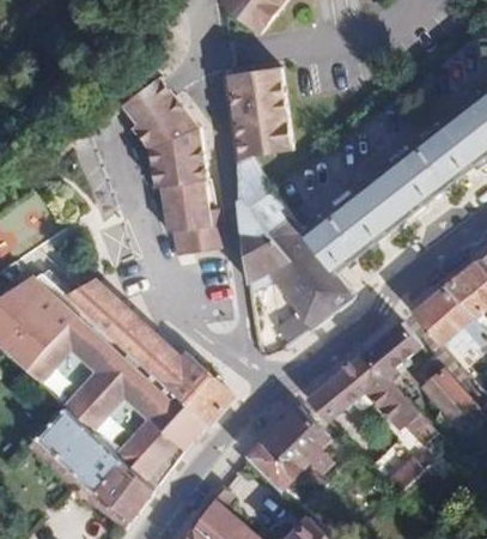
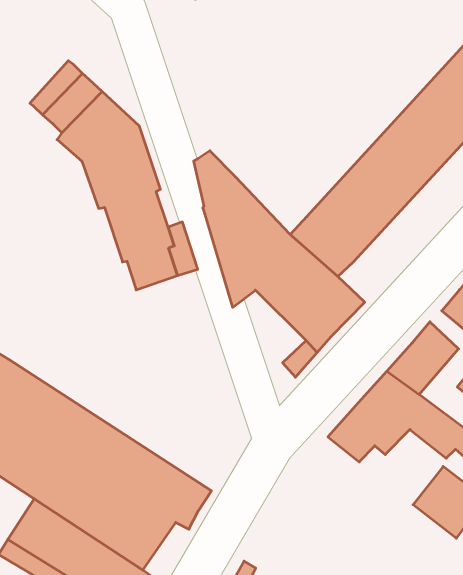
building: [226,66,291,161] -> none
building: [63,278,232,425] -> none
building: [246,405,331,490] -> none

